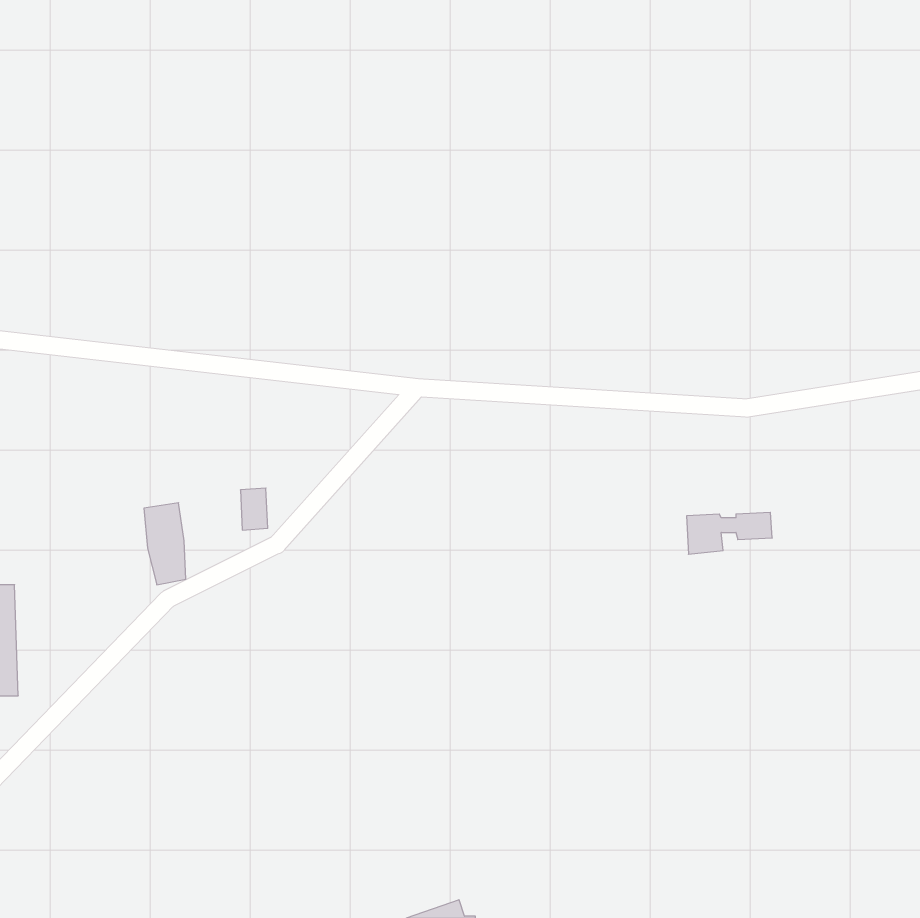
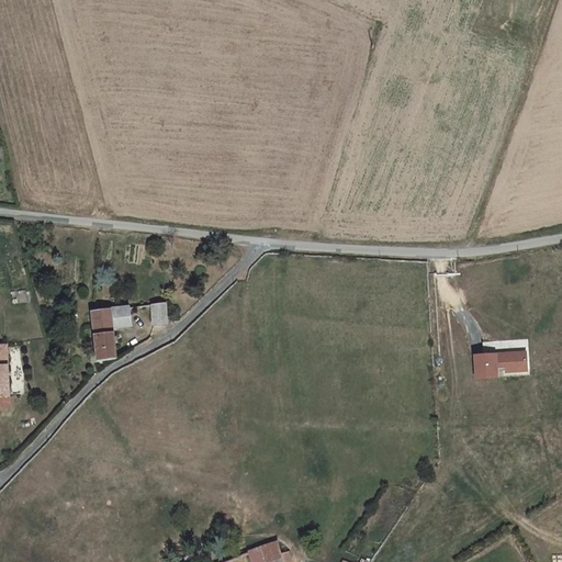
building: none -> [108,301,132,326]
building: [687,512,772,554] -> [475,359,527,384]

